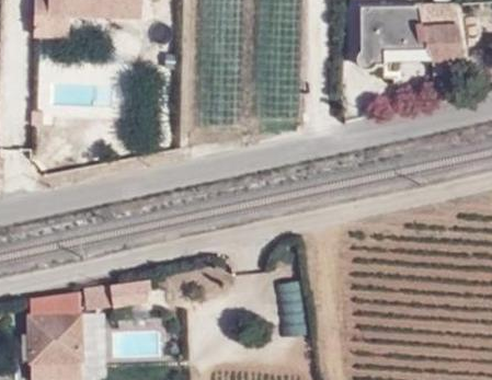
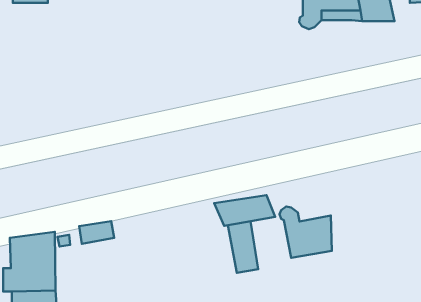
building: none -> [214,195,275,226]
building: none -> [280,206,332,258]

